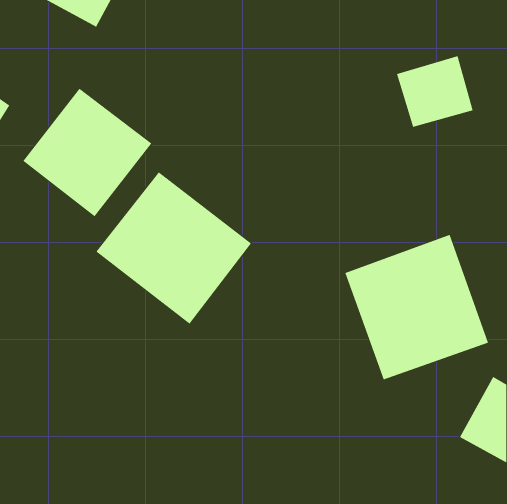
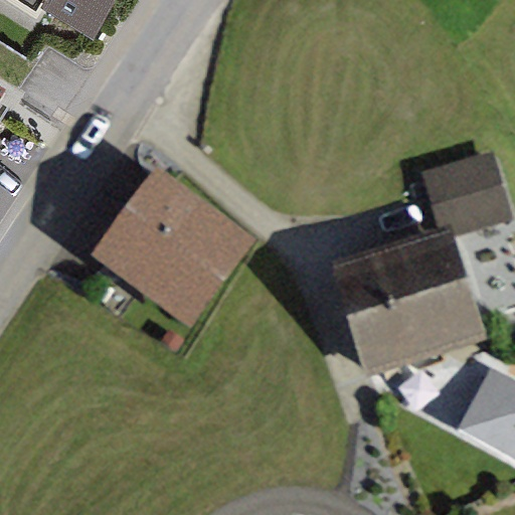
building: [396,56,473,128] -> [421,153,498,224]
building: [23,88,152,217] -> none

